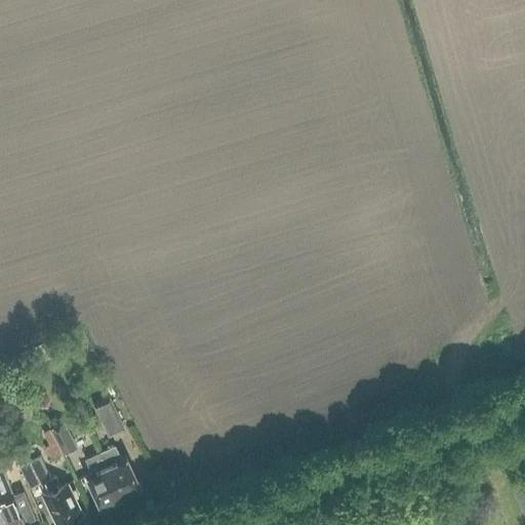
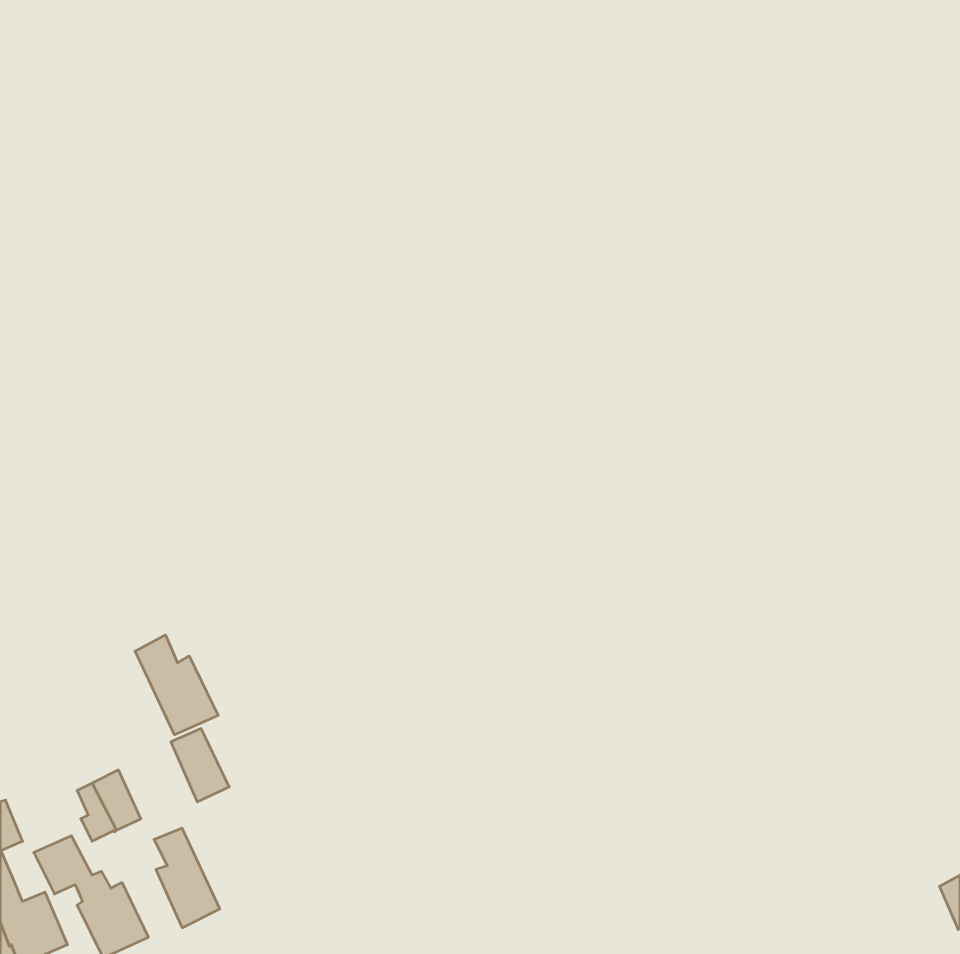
building: none -> [135,635,218,735]
building: [99,448,140,499] -> none

